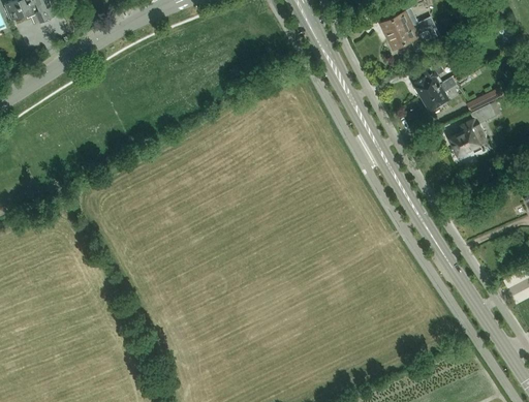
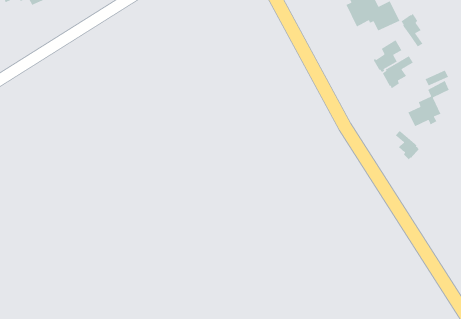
building: none -> [401,13,424,48]
building: none -> [395,130,419,161]

